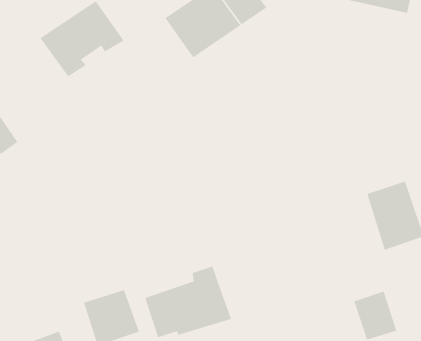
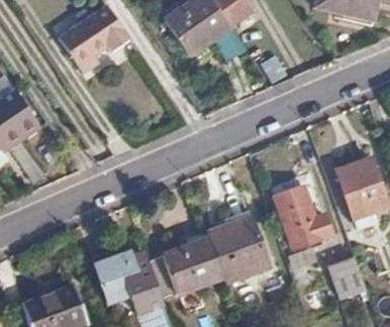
building: none -> [275,185,330,245]
building: none -> [206,218,269,283]

